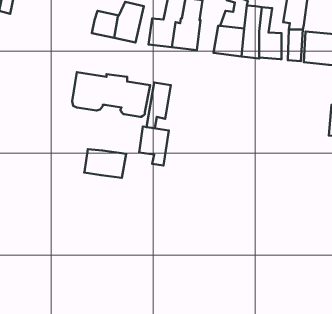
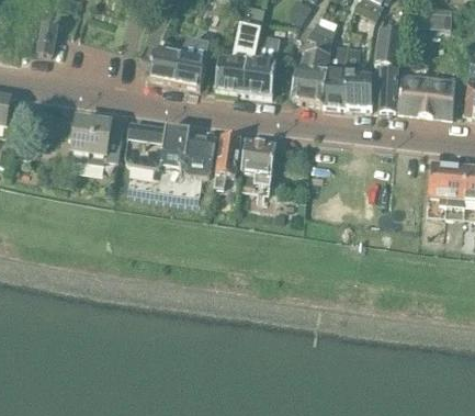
building: none -> [71,116,123,165]
building: [139,127,169,166] -> [241,137,276,183]
building: [84,149,126,178] -> none

